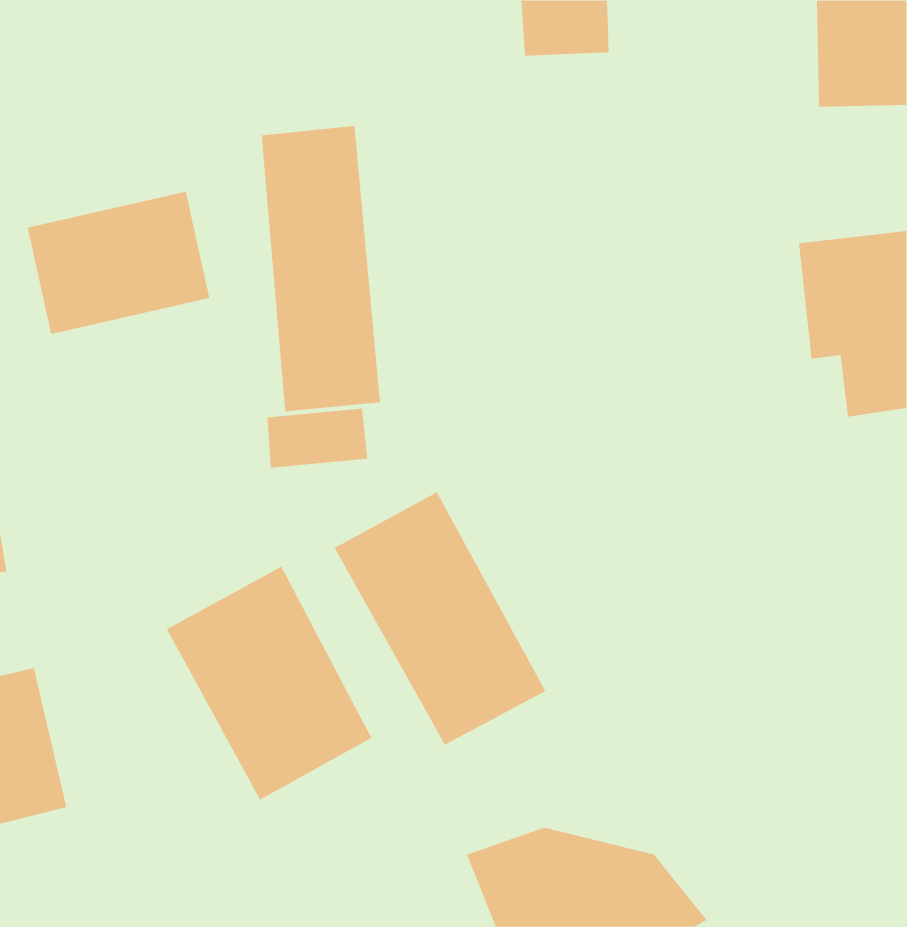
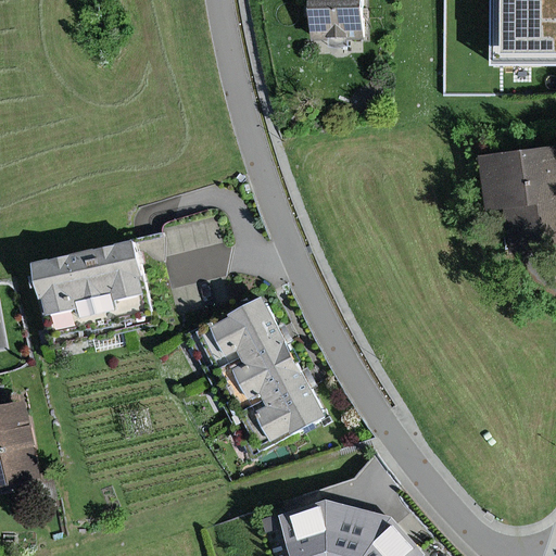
building: [261,125,381,412] -> none
building: [27,191,210,334] -> [37,240,147,326]
building: [166,566,372,801] -> none

